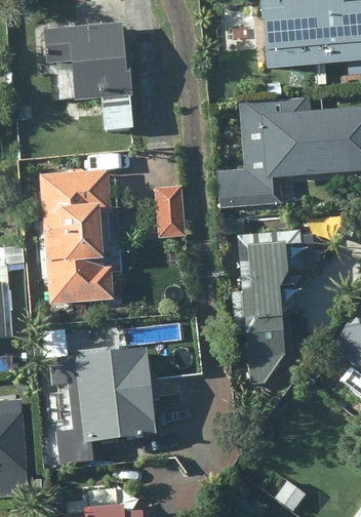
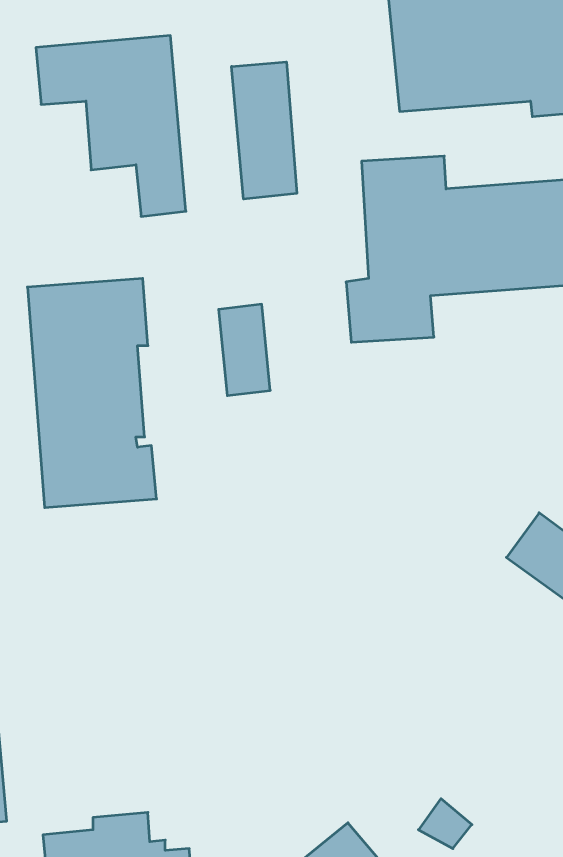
building: none -> [232,62,297,199]
building: [244,241,305,376] -> none
building: [48,346,157,464] -> none

